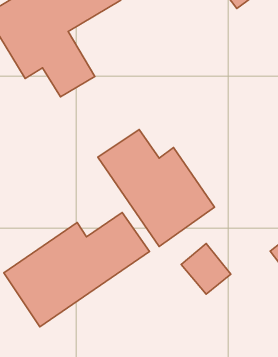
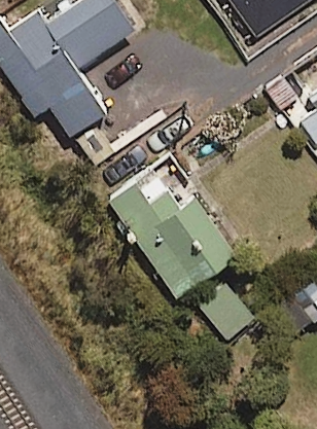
building: [4,213,150,327] -> none

